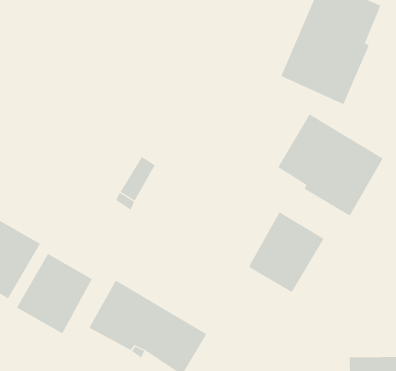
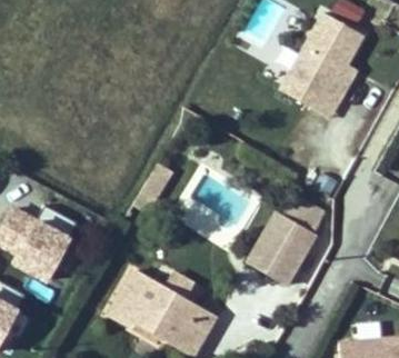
building: [277,113,384,217] -> none
building: [16,253,93,334] -> none

